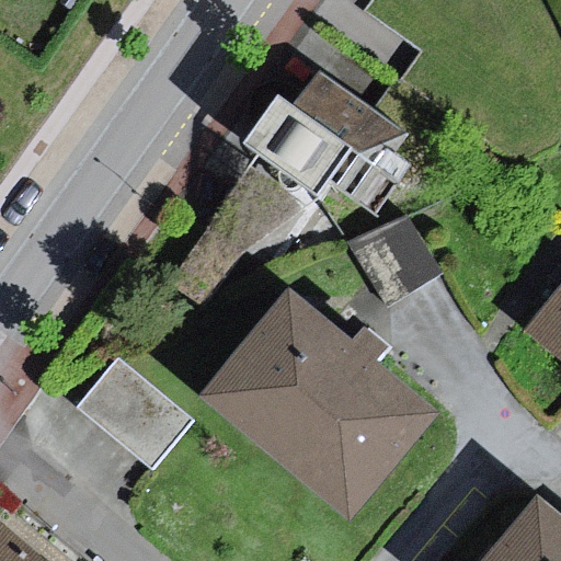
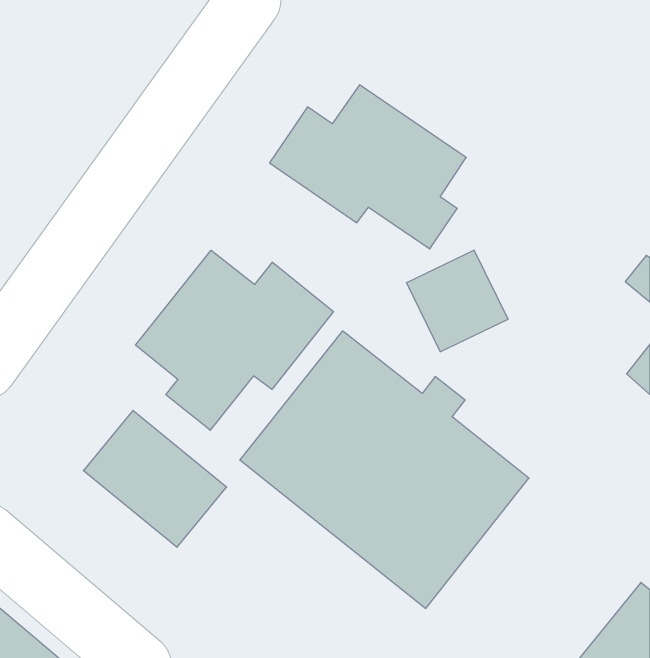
building: none -> [136,250,333,430]

